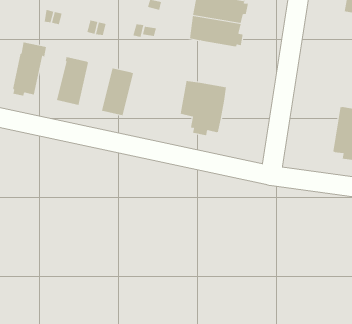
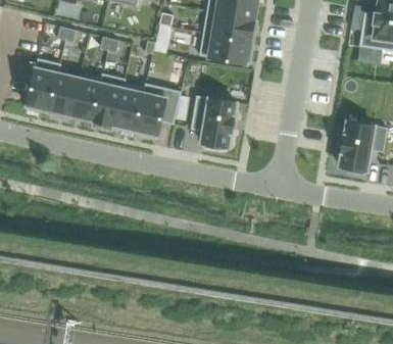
building: none -> [48,72,79,115]
building: none -> [92,73,125,126]
building: none -> [135,83,181,139]

